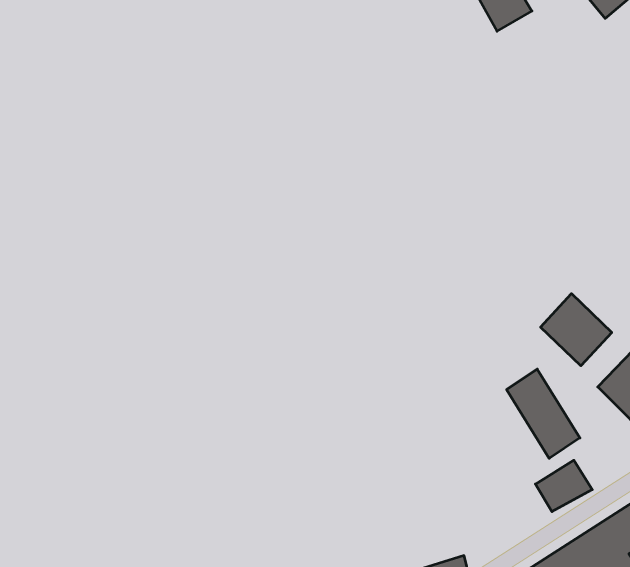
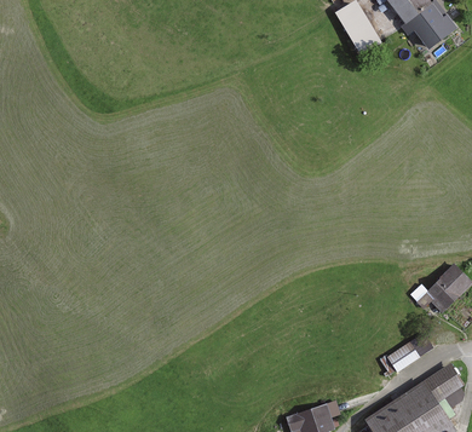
building: [541,294,612,366] -> none
building: [507,369,580,458] -> none

